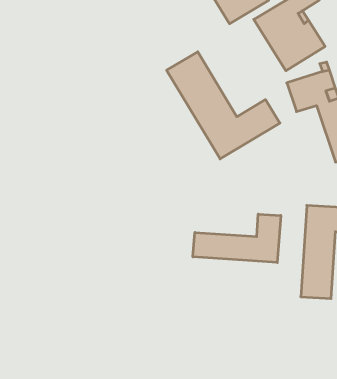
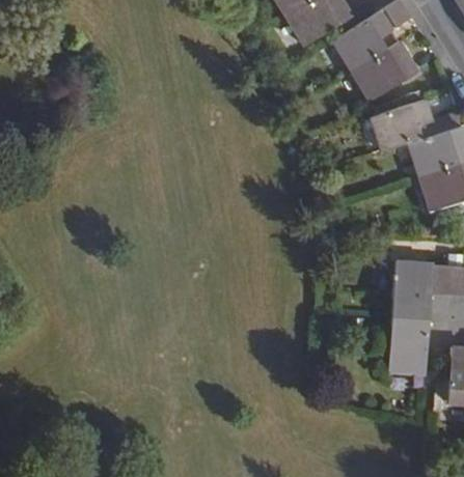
building: [167,52,280,159] -> none
building: [193,214,281,263] -> none

